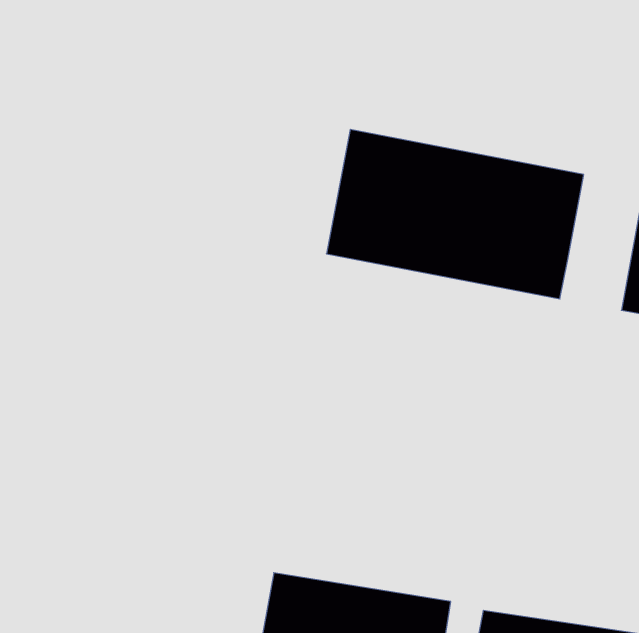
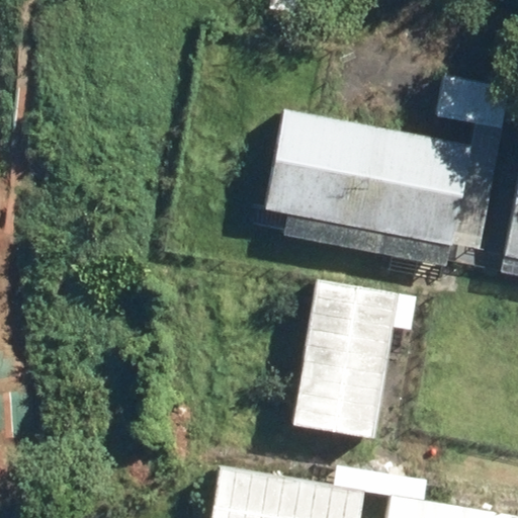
building: none -> [293,277,400,438]

